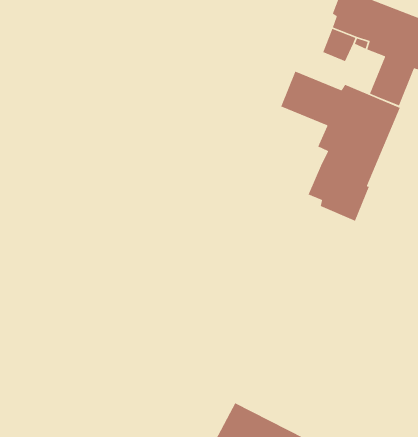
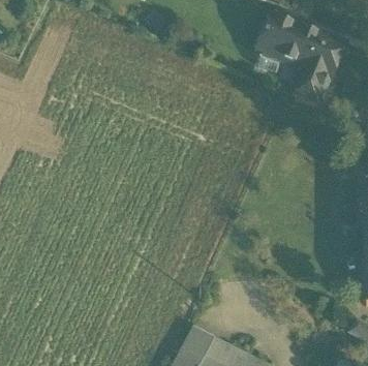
building: [280,71,401,222] -> none

